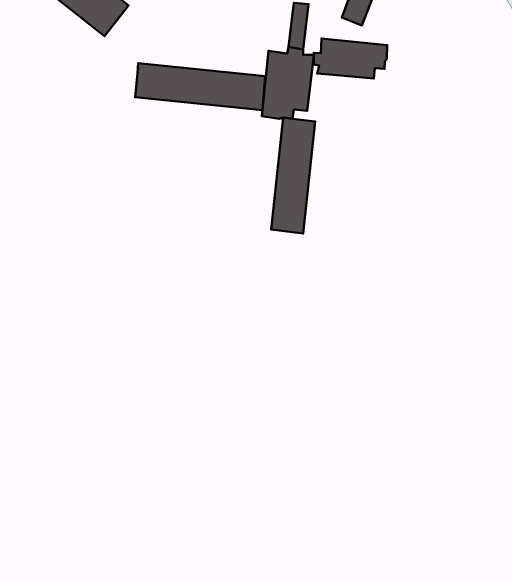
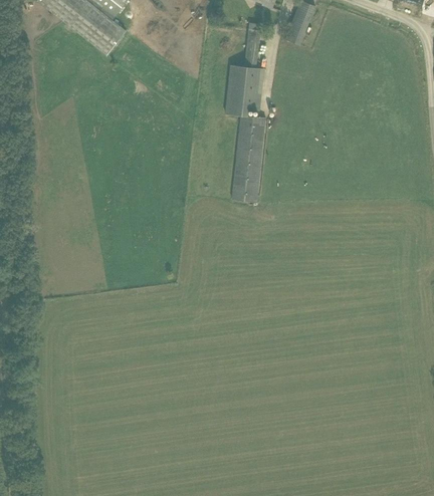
building: [314,39,387,78] -> none
building: [135,63,265,110] -> none

